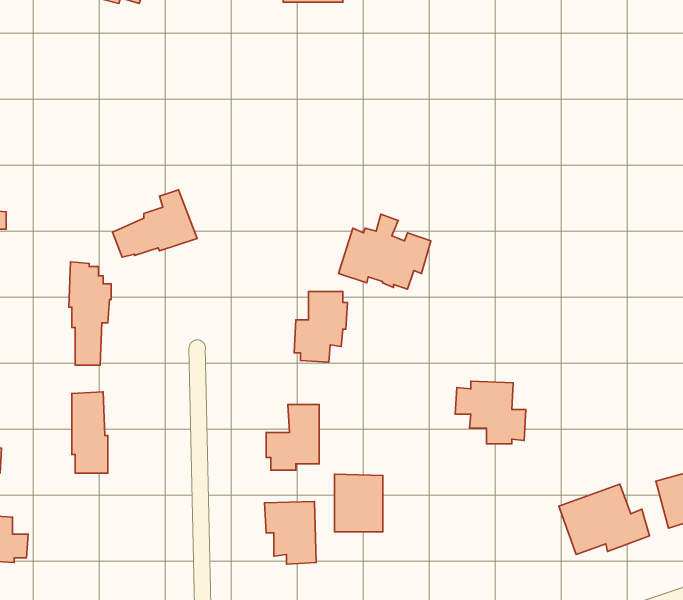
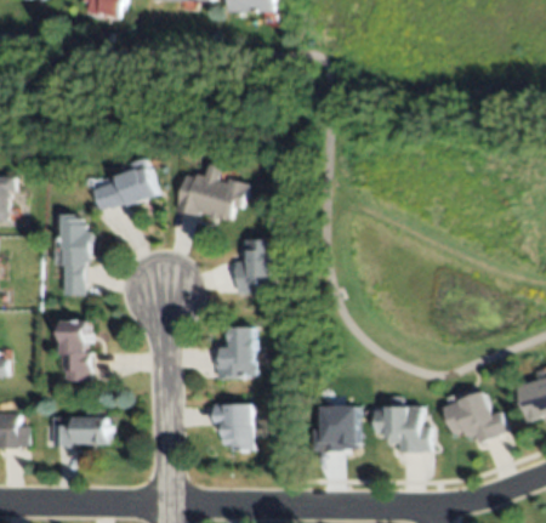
building: [339,214,431,289] -> [176,164,248,222]
building: [455,381,526,444] -> [374,404,428,453]
building: [334,474,383,532] -> [319,407,357,451]
building: none -> [51,413,107,448]

